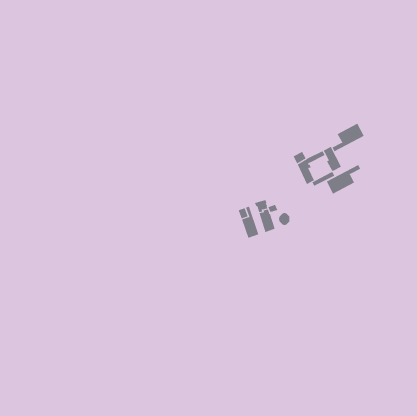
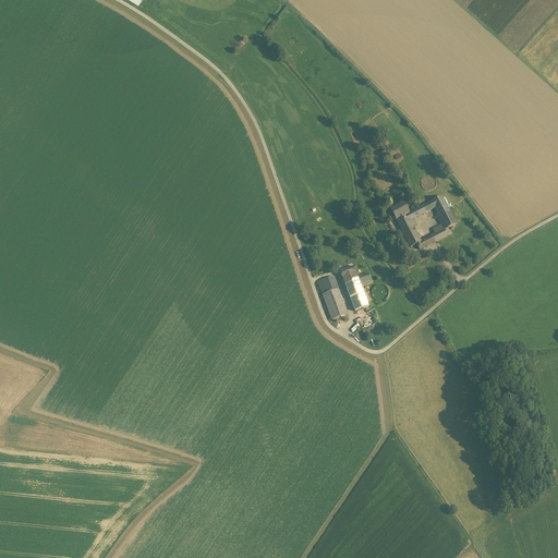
building: [332,123,364,152] -> none
building: [326,164,361,194] -> none

